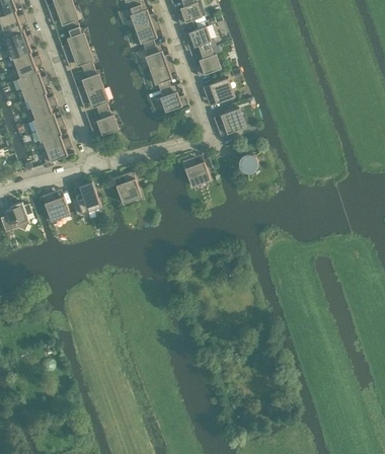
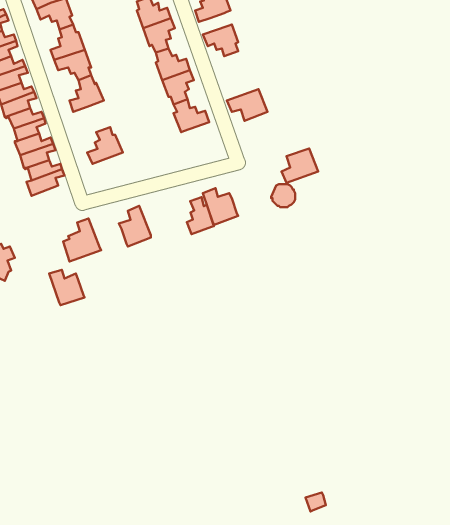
building: [194,47,219,76] -> none
building: [78,86,107,111] -> none
building: [215,107,244,135] -> [281,149,318,183]
building: none -> [187,197,214,234]
building: [41,192,69,220] -> [49,270,85,305]

